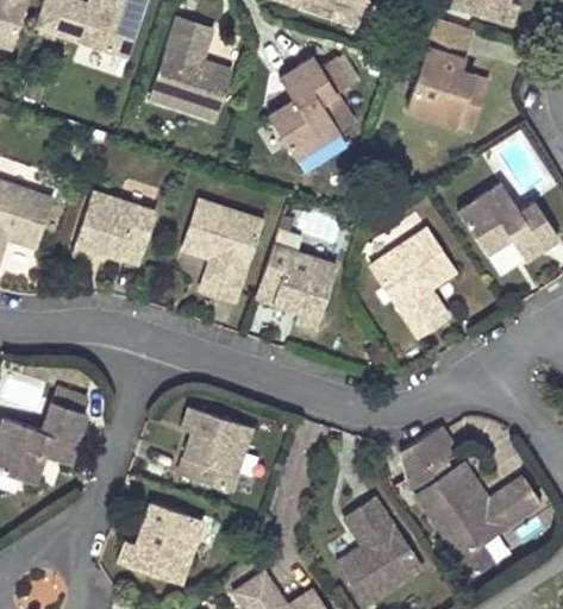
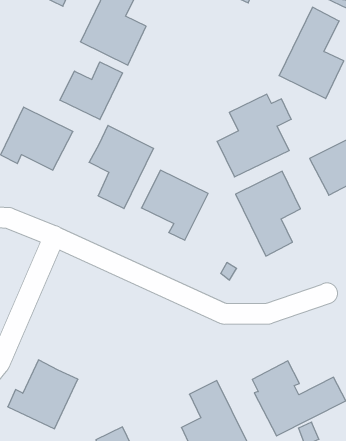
building: [262,54,354,162] -> [217,94,291,177]
building: none -> [60,62,122,120]
building: [177,404,248,488] -> none
building: [400,425,453,477] -> none

